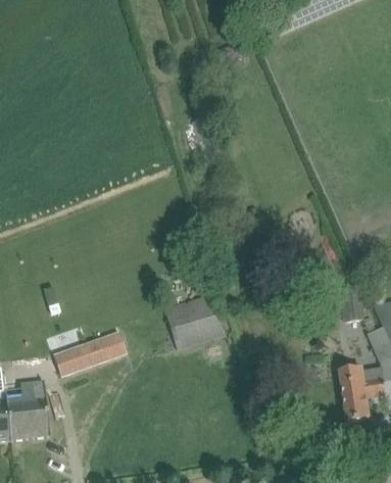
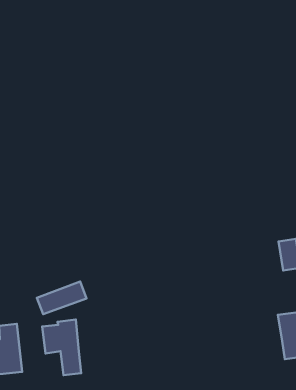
building: [165,294,225,347] -> none
building: none -> [42,319,81,375]

